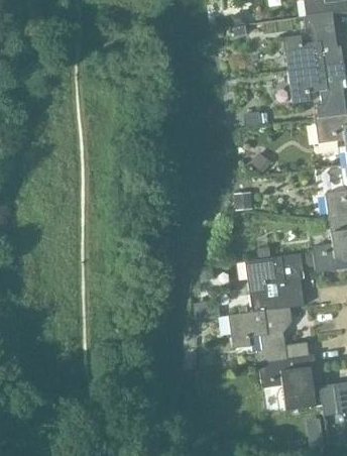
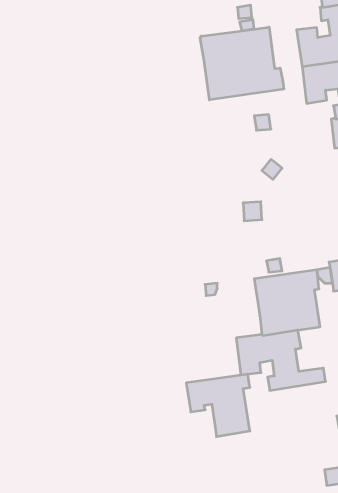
building: none -> [200,27,284,100]
building: [259,354,317,411] -> [186,374,250,437]

